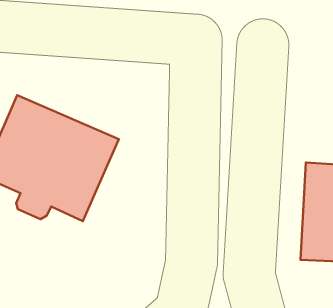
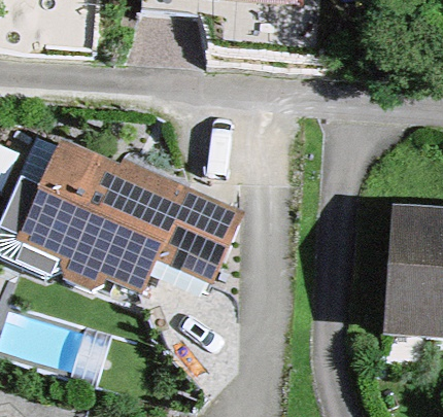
building: none -> [152,178,252,282]

